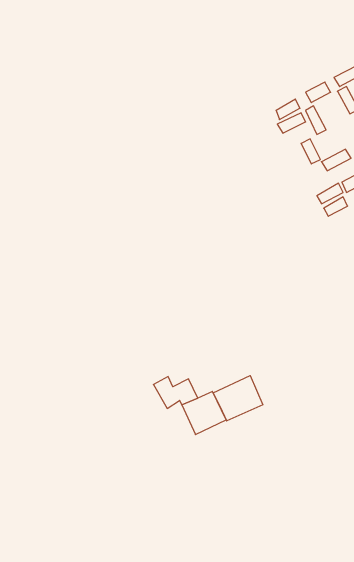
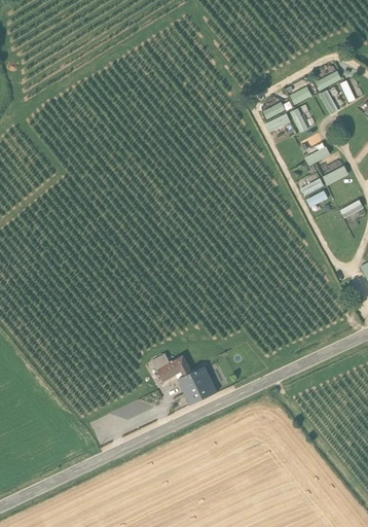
building: [213,376,263,421] -> none

